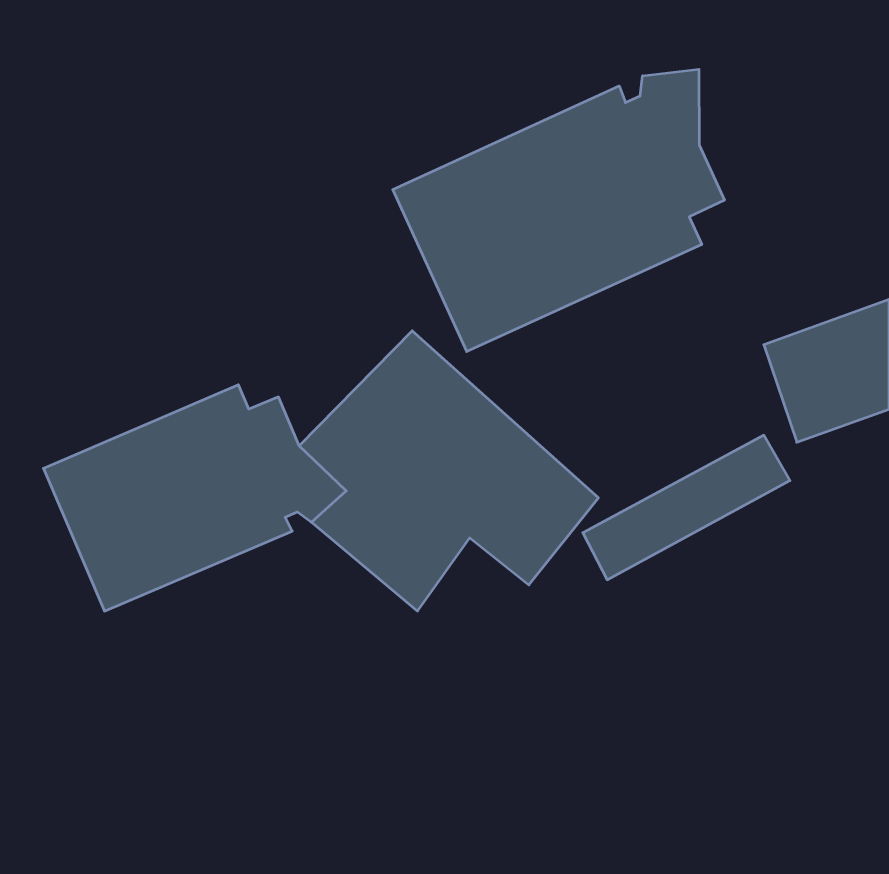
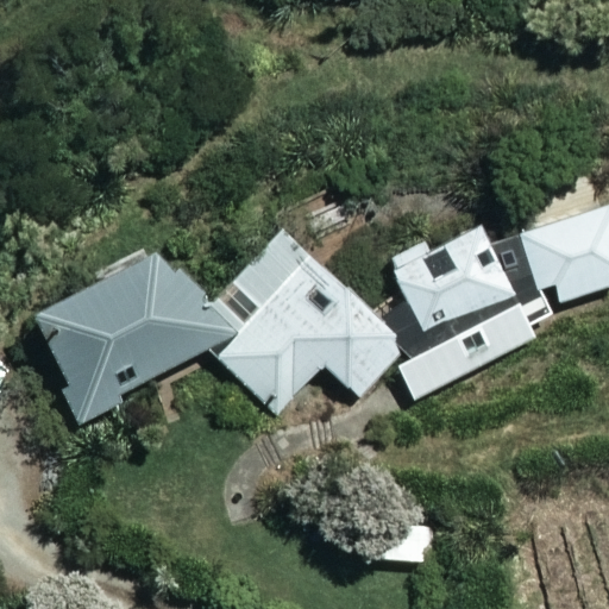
building: [393,69,724,352] -> none
building: none -> [391,220,519,332]

